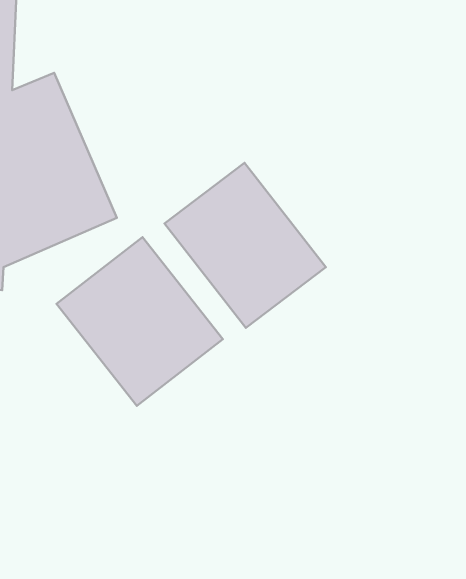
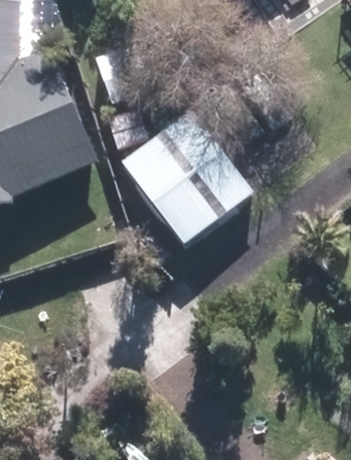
building: [56,237,223,406] -> none

